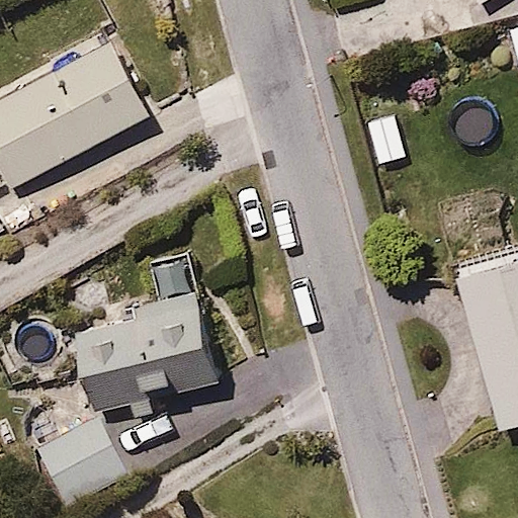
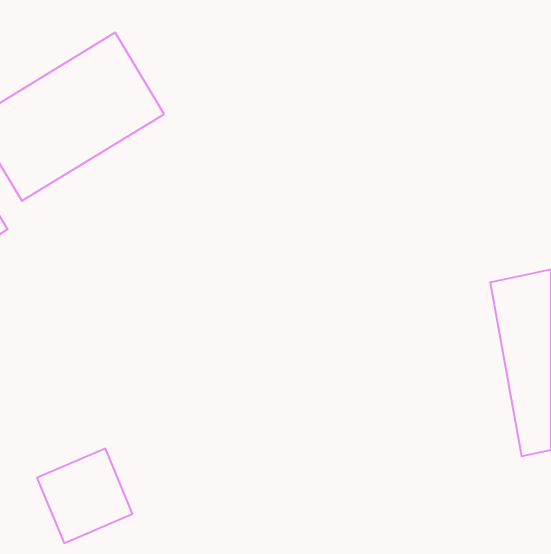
building: [88,296,226,423] -> none

